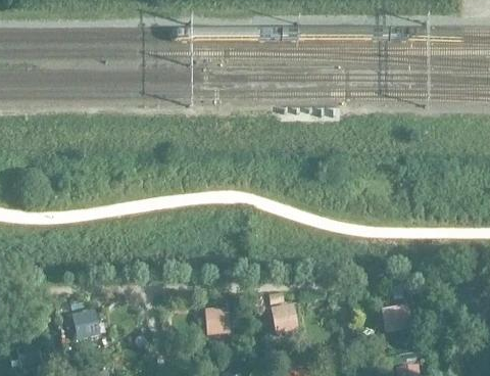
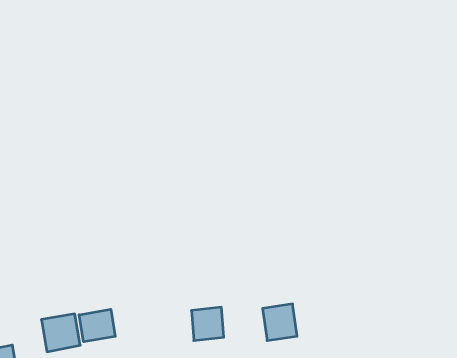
building: [377,302,410,335] -> none
building: none -> [79,309,115,342]

